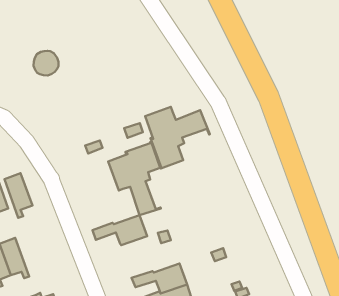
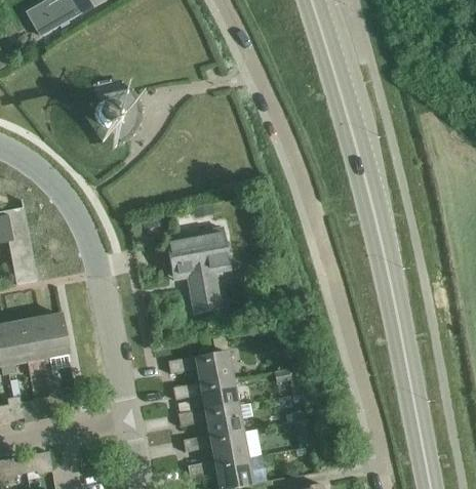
building: [145,107,210,169] -> none
building: [5,173,33,218] -> [41,312,70,365]
building: [93,215,147,245] -> [169,351,234,383]

